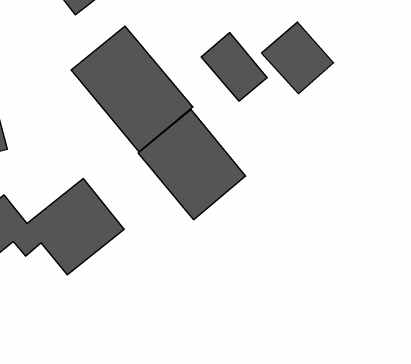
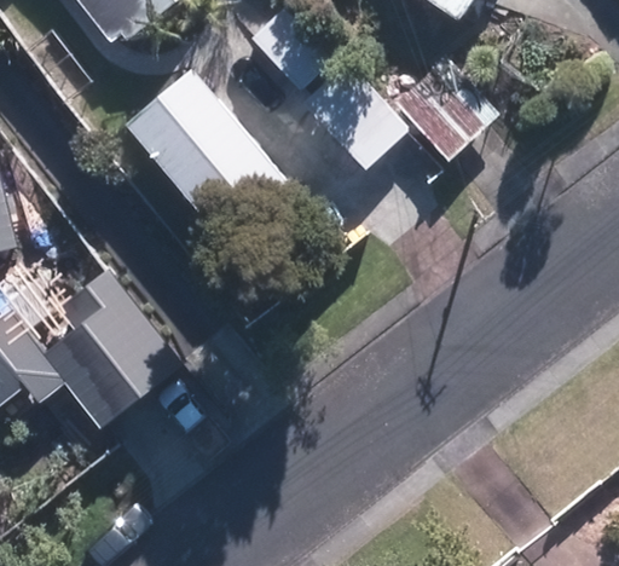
building: [138,110,246,220] -> none

